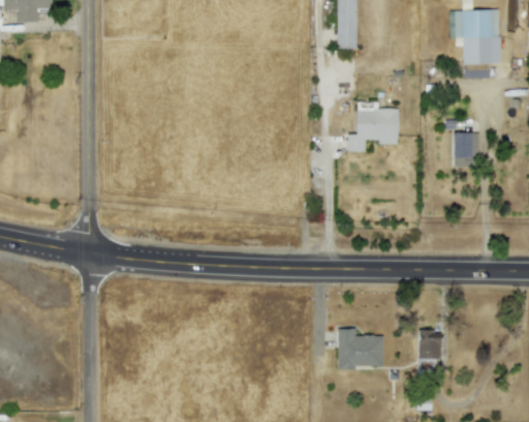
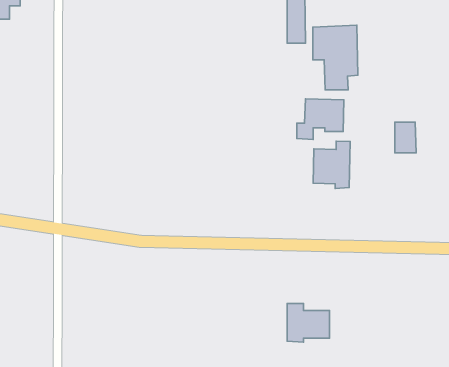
building: [452,8,500,78] -> [313,25,358,90]
building: none -> [313,141,350,188]
building: [418,329,441,358] -> none

